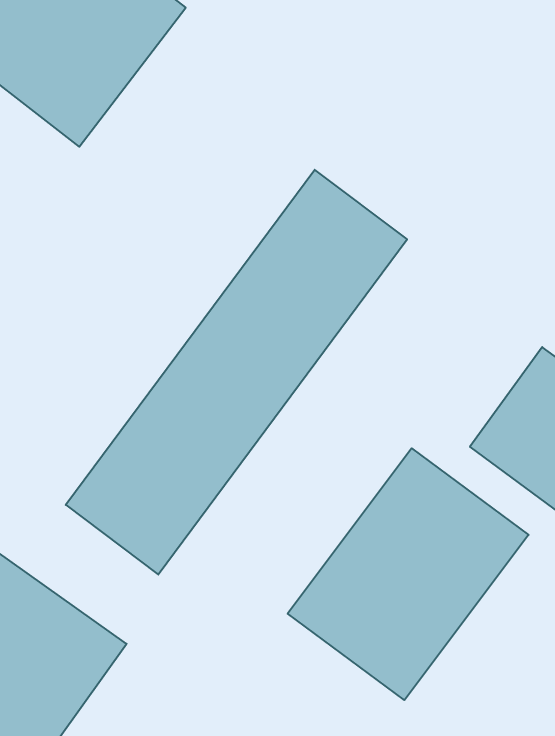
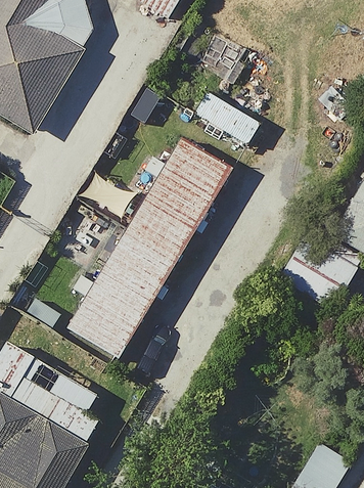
building: [288,448,529,700] -> none

